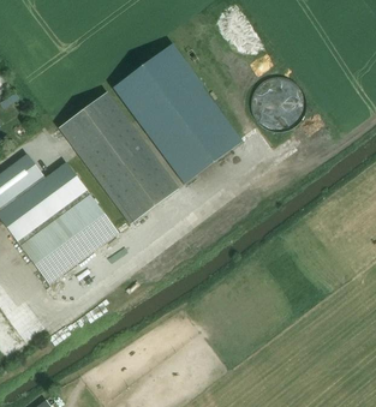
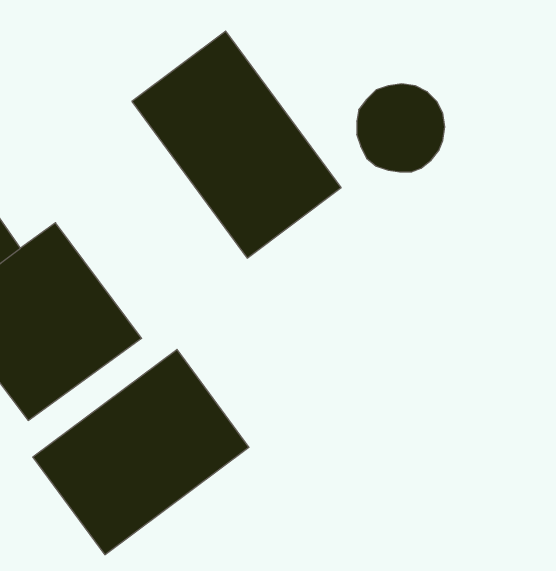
building: [59,91,178,223] -> none
building: none -> [33,349,249,555]

